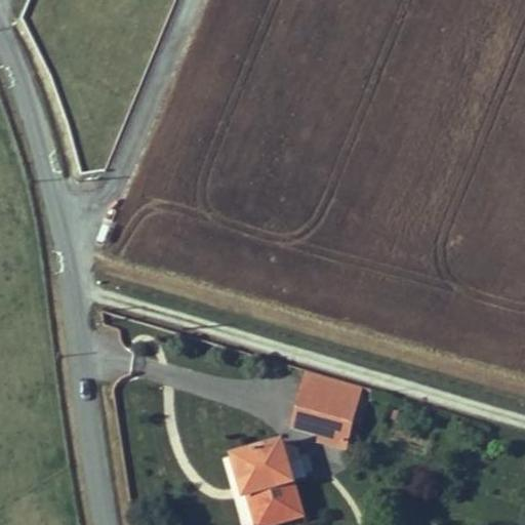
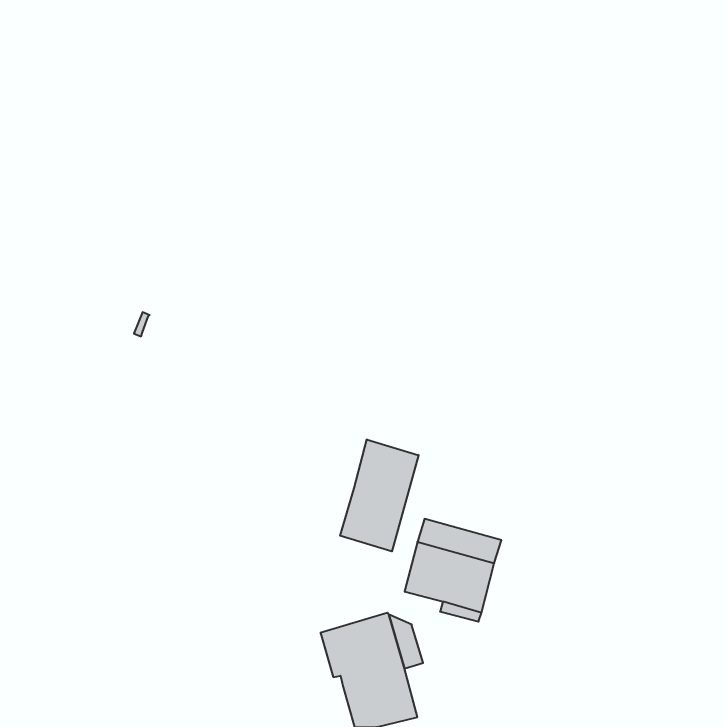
building: none -> [340,439,419,551]

